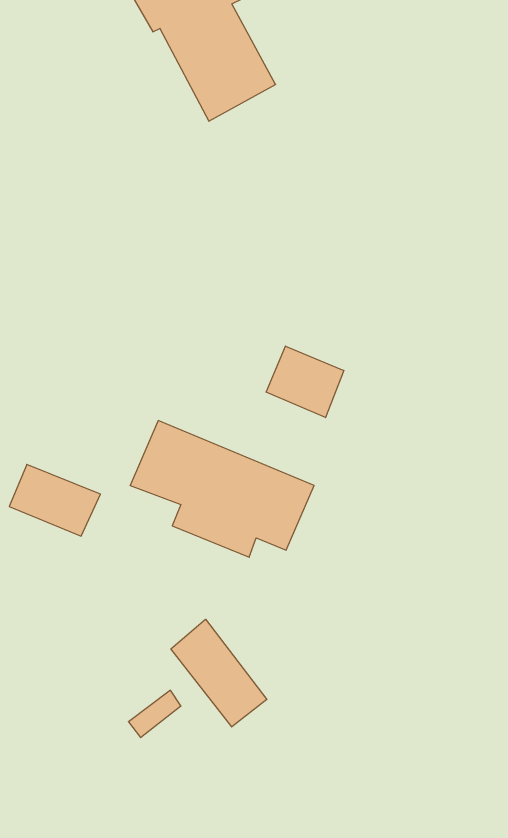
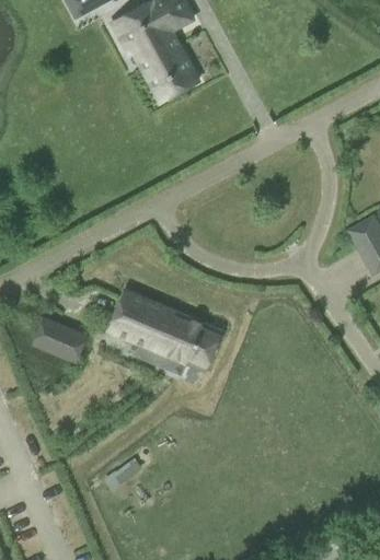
building: [266,346,344,418] -> none
building: [171,619,267,727] -> none

